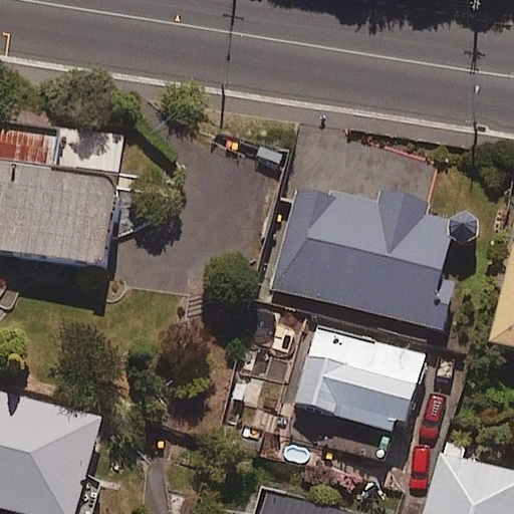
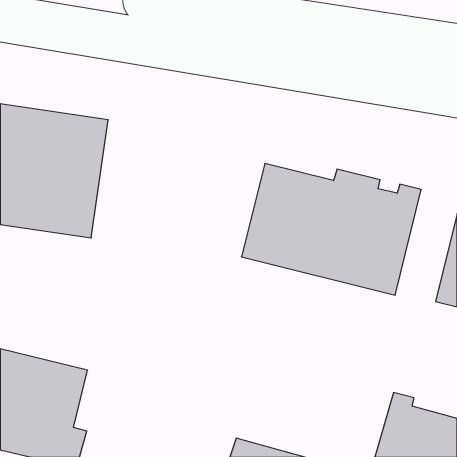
building: [285,326,422,464] -> none

